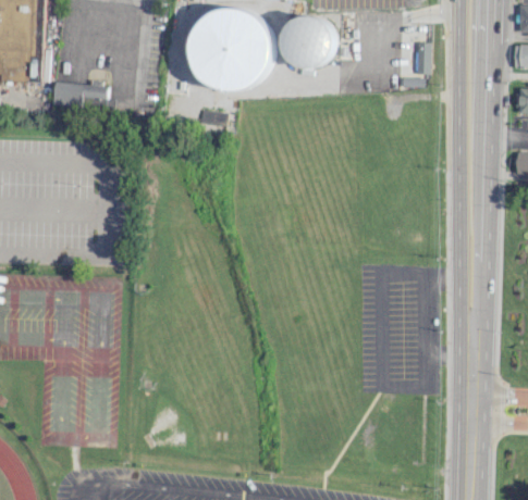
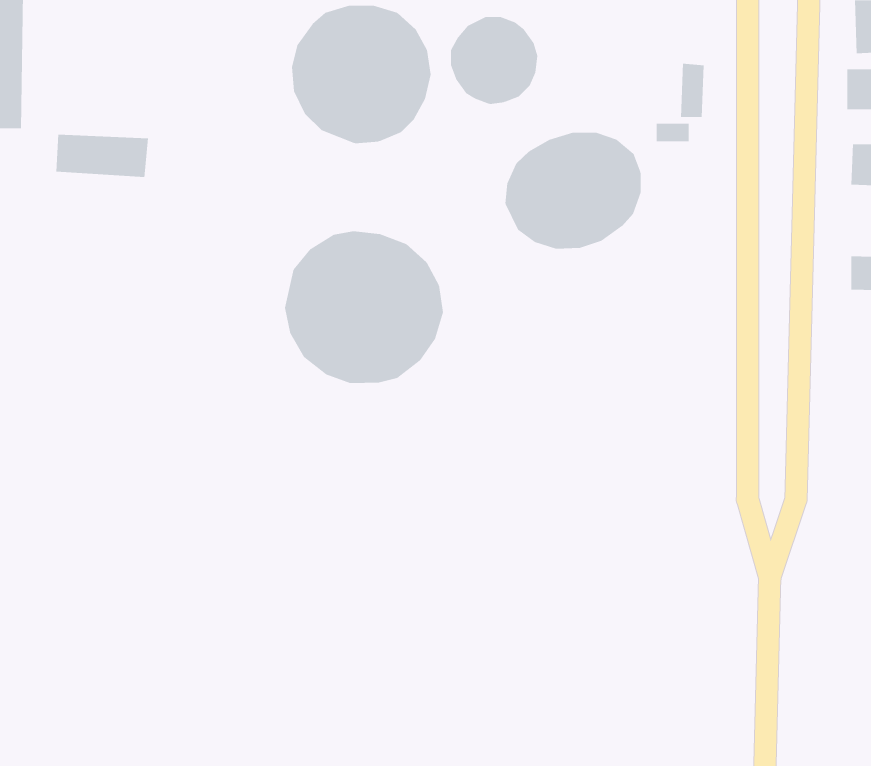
building: none -> [505,132,641,250]
building: none -> [284,231,444,384]

